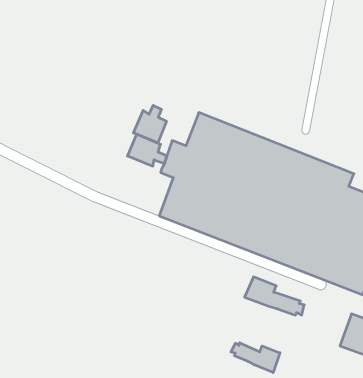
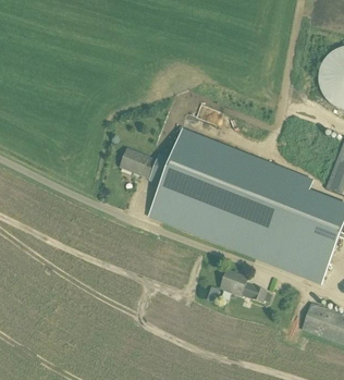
building: [133,105,166,143] -> none
building: [231,343,280,373] -> none

